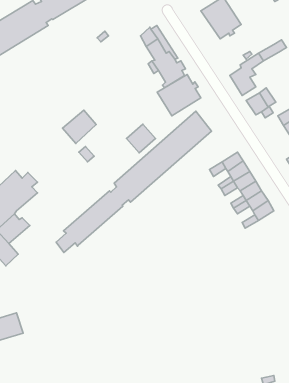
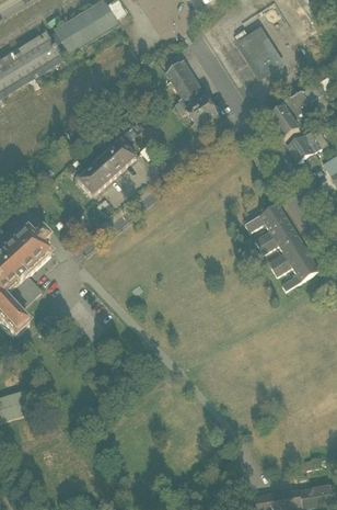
building: [157,75,201,116] -> none
building: [56,111,212,253] -> none
building: [127,124,155,153] -> [102,139,135,172]

